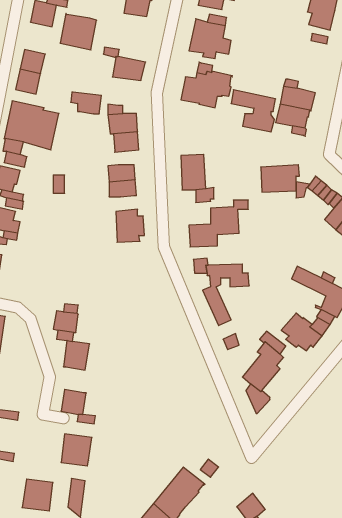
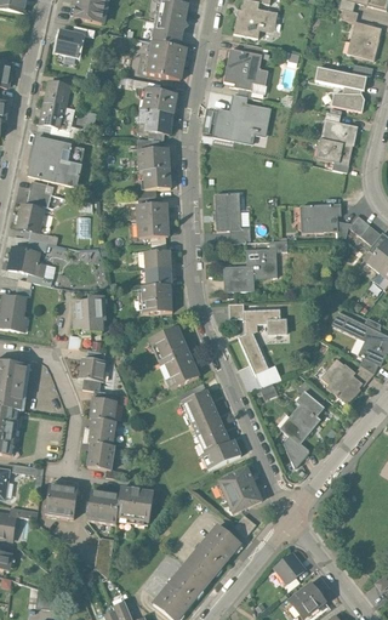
building: [60,13,97,50] -> [147,40,186,79]
building: [231,90,276,132] -> [319,67,366,112]
building: [71,92,101,114] -> [139,109,172,132]
building: none -> [141,284,172,313]
building: none -> [73,295,104,332]
building: none -> [149,326,199,388]
building: none -> [183,391,240,470]
building: none -> [89,417,115,445]
building: none -> [219,468,262,513]
building: none -> [116,487,154,522]
building: [22,479,53,511] -> [45,483,78,517]

